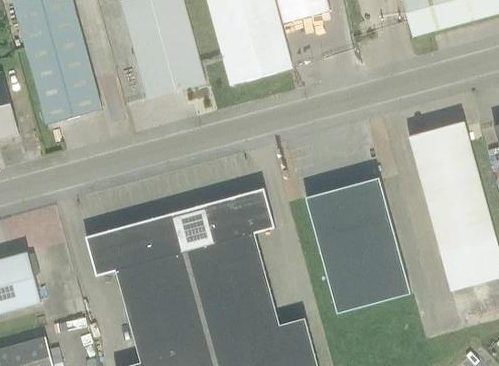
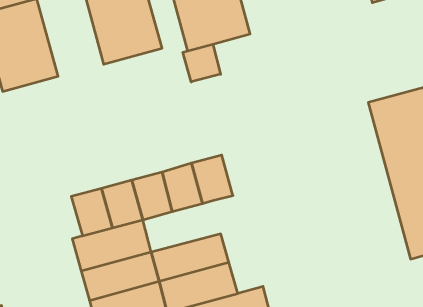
building: none -> [183,44,221,82]
building: [306,178,411,314] -> none
building: [86,229,126,276] -> none
building: [186,233,263,284] -> none

